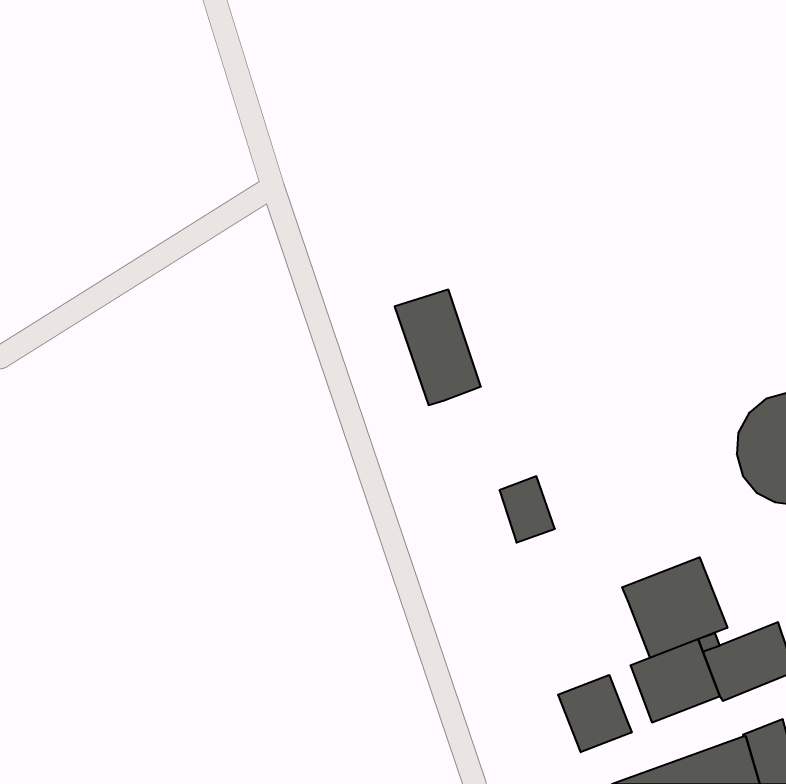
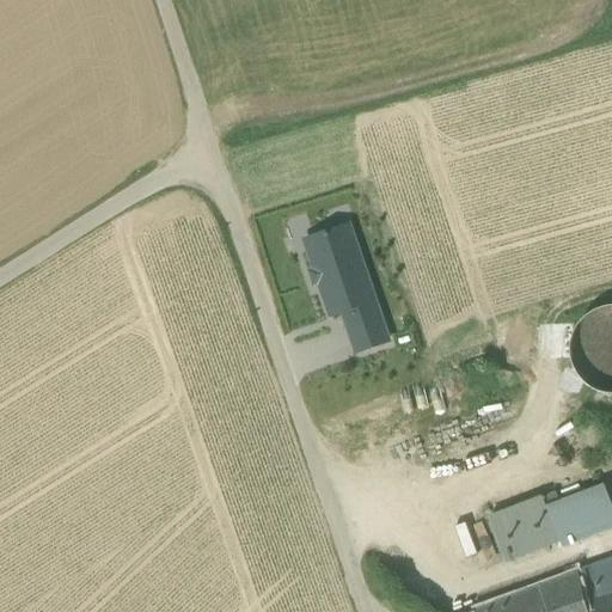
building: [499,476,555,543] -> [345,300,388,351]
building: [622,557,727,658] -> none
building: [558,675,632,752] -> none

